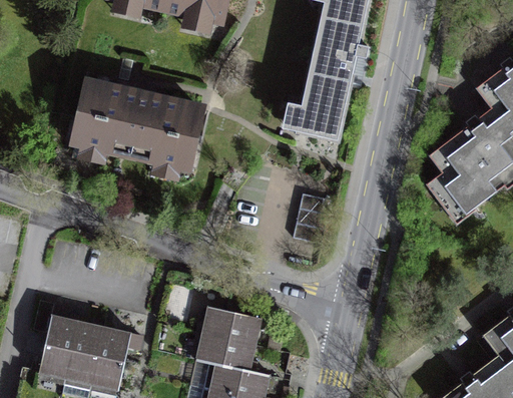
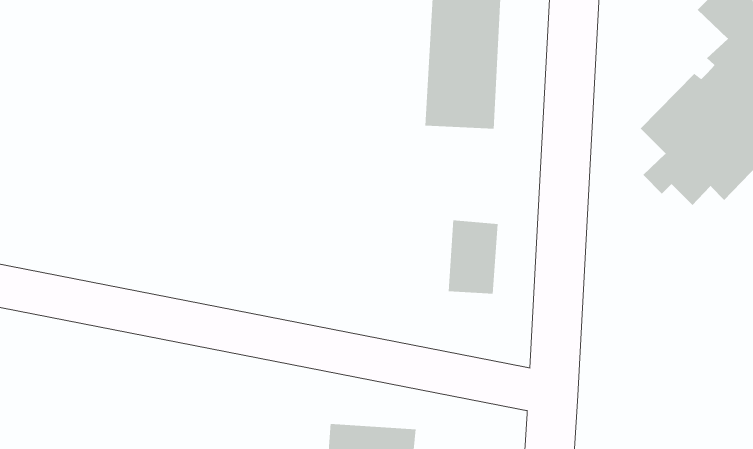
building: [75,84,200,168] -> none

